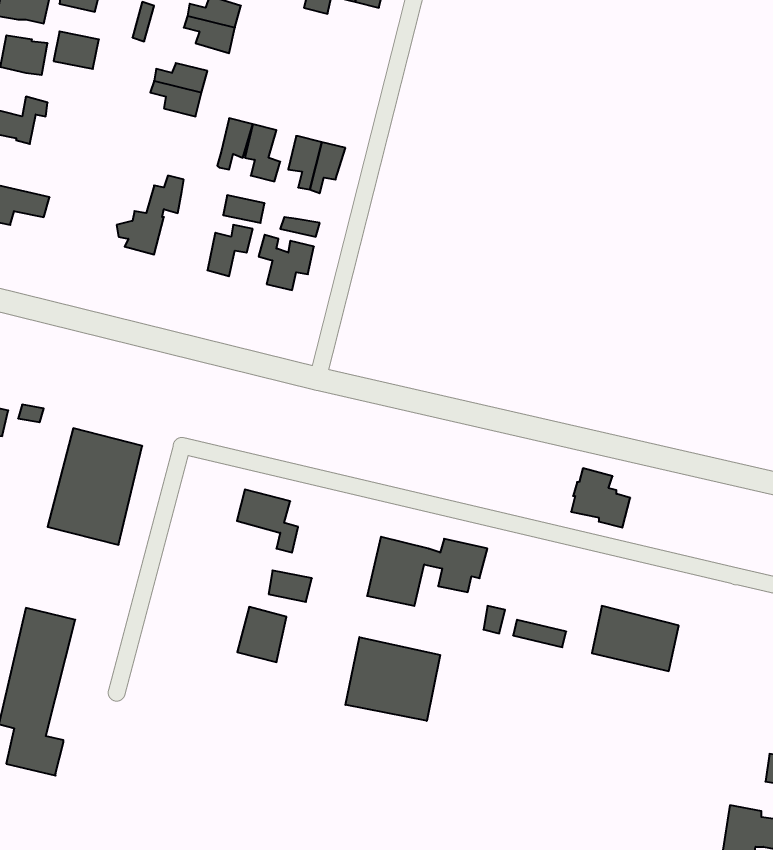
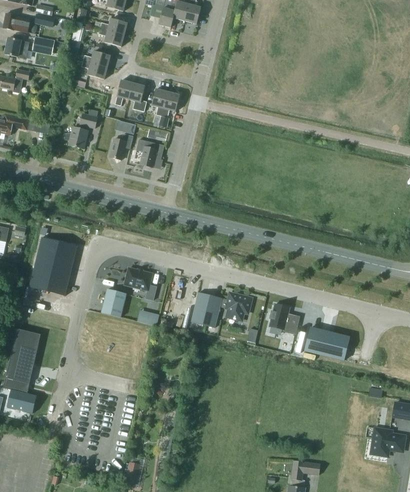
building: [571,468,630,528] -> [268,304,298,334]
building: [237,607,286,662] -> [100,289,125,317]
building: [345,637,440,721] -> none

